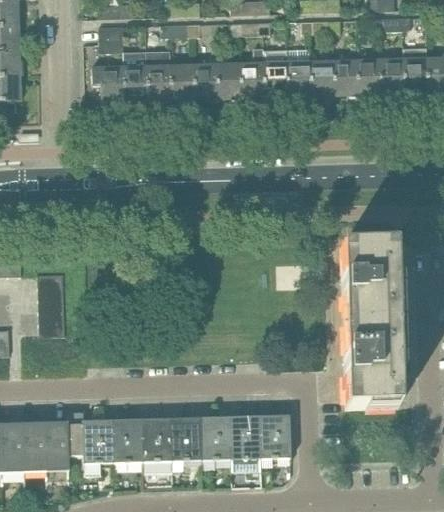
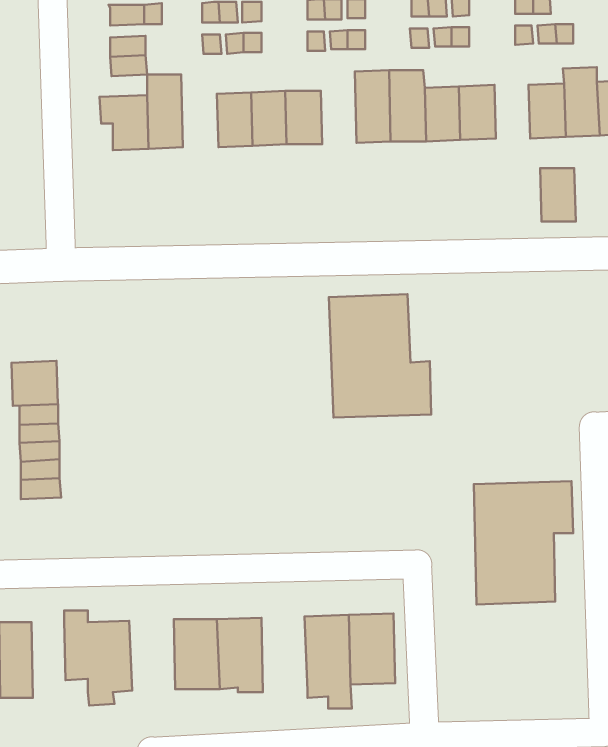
building: [240,46,264,98] -> none
building: [146,50,171,100] -> none
building: [357,58,381,94] -> [540,168,576,221]
building: none -> [11,361,58,406]
building: [340,244,409,327] -> [329,294,431,417]
building: [200,416,231,472] -> none
building: [111,418,142,466] -> none
building: [45,419,68,471] -> none

